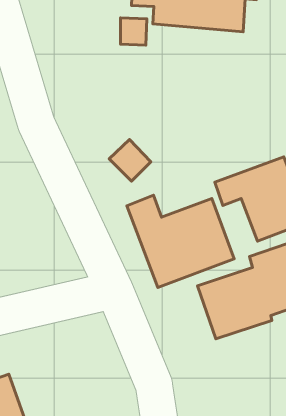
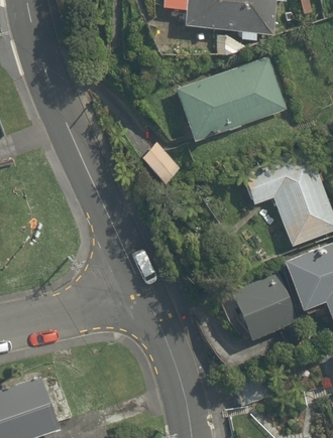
building: none -> [172,53,291,144]
building: [127,195,234,288] -> none

